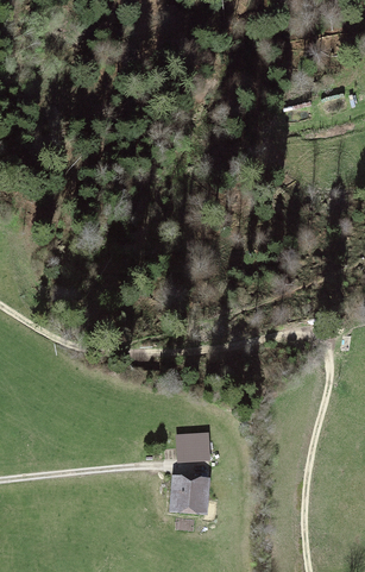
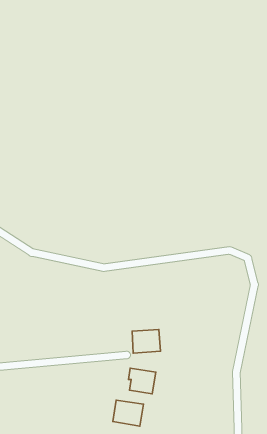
building: none -> [113,400,143,426]

